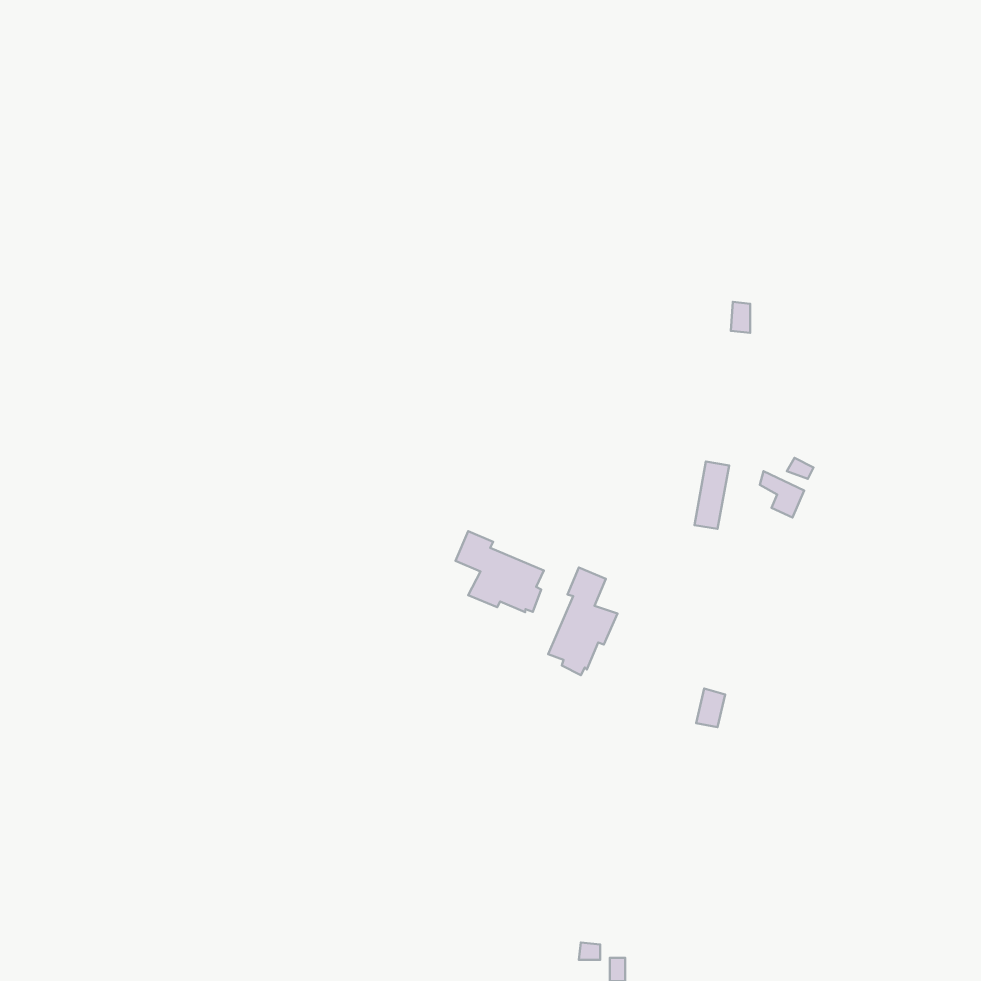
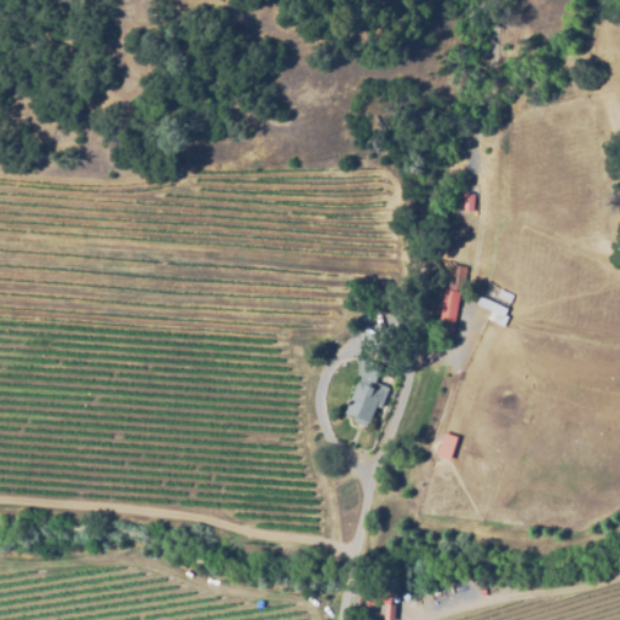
building: [455,531,544,612] -> none

